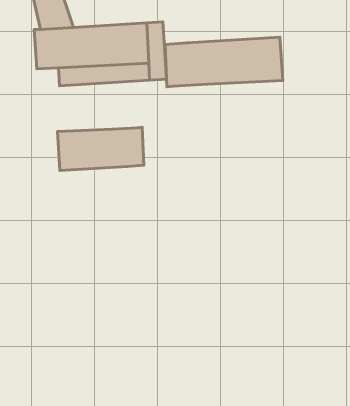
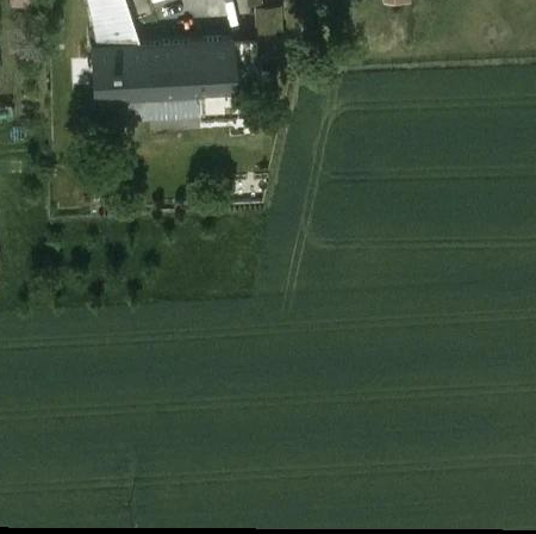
building: [165,37,283,87] -> none
building: [58,127,144,171] -> none

